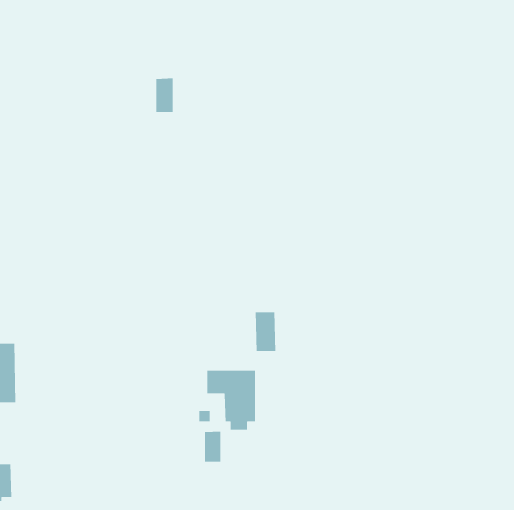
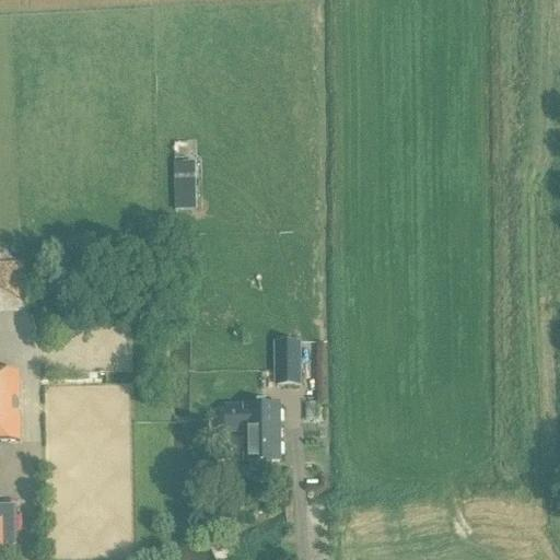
building: [155,77,174,113] -> [174,159,194,197]
building: [204,431,221,463] -> none

